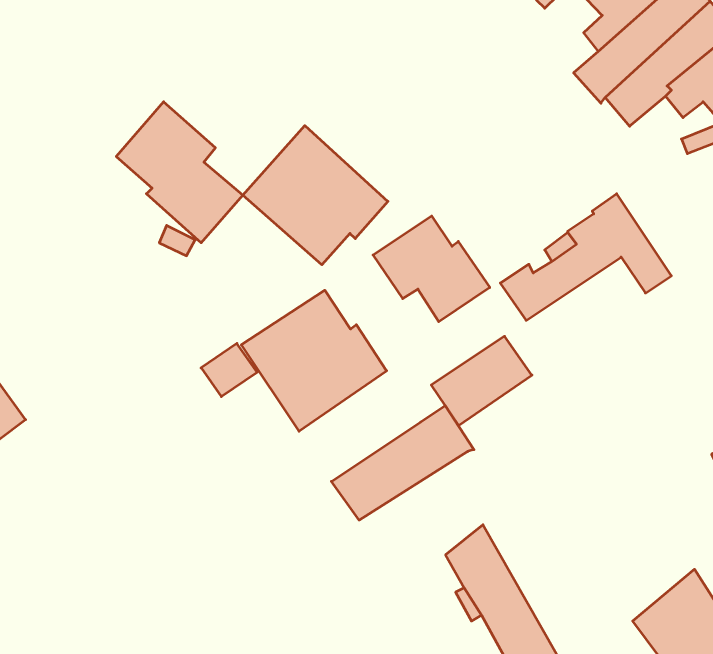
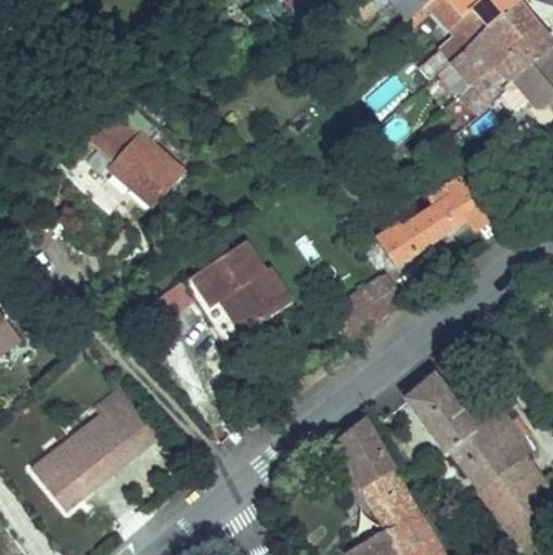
building: [243,126,388,265] -> none
building: [373,216,490,322] -> none
building: [331,406,474,520] -> none
building: none -> [408,374,530,490]
building: none -> [31,387,155,509]

